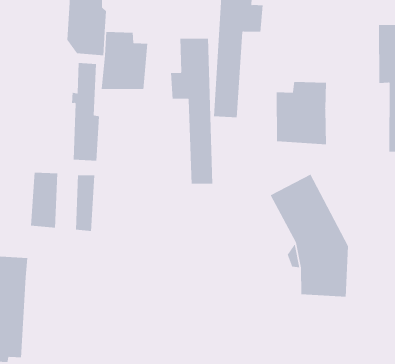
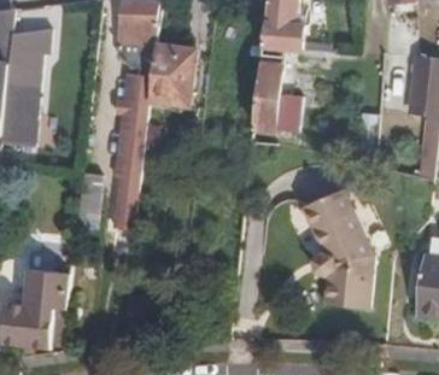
building: [171,38,213,185] -> none
building: [276,81,327,145] -> none

